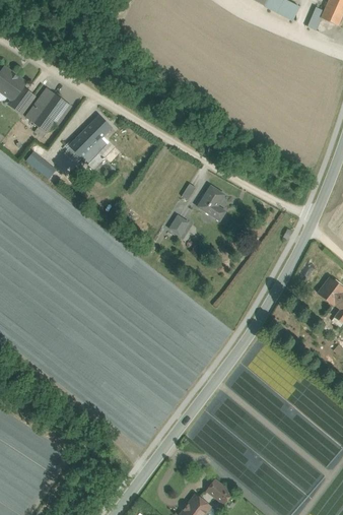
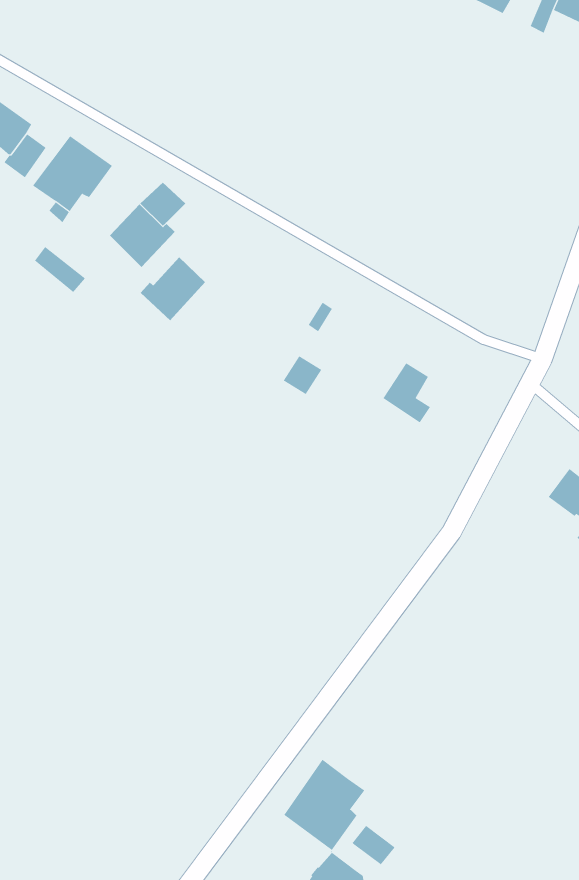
building: none -> [140,256,206,321]
building: [198,186,225,220] -> [382,362,431,423]
building: none -> [283,759,365,851]

